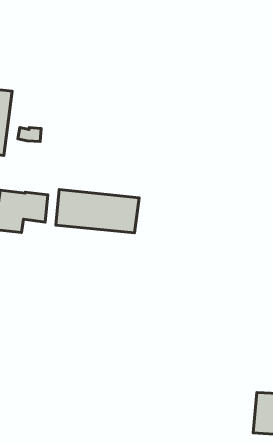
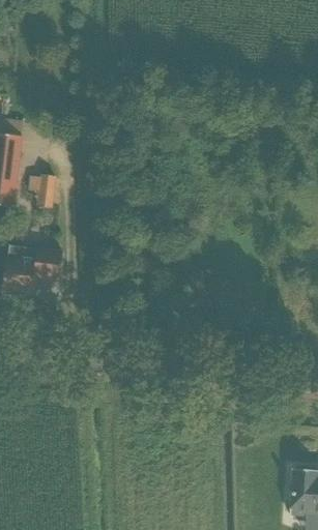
building: [56,189,139,233] -> none

